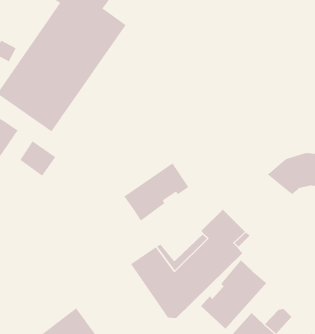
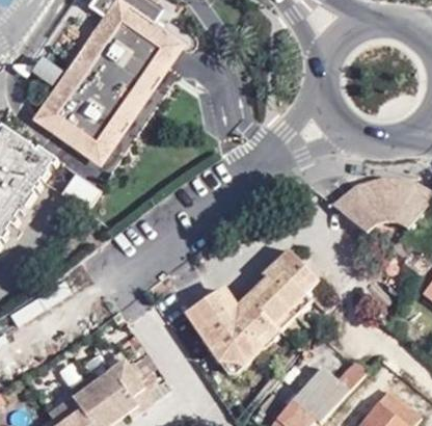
building: [124,163,189,221] -> none
building: [200,260,267,330] -> none

